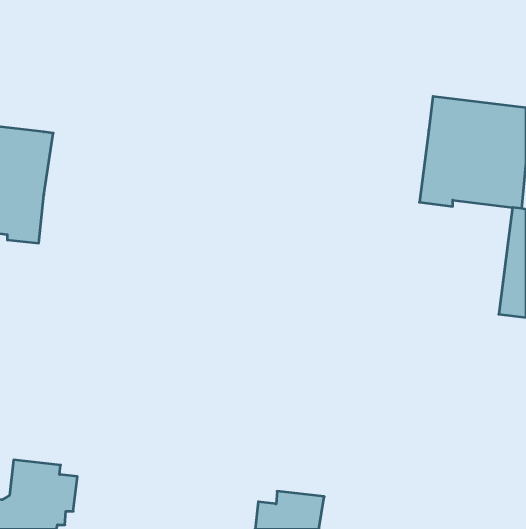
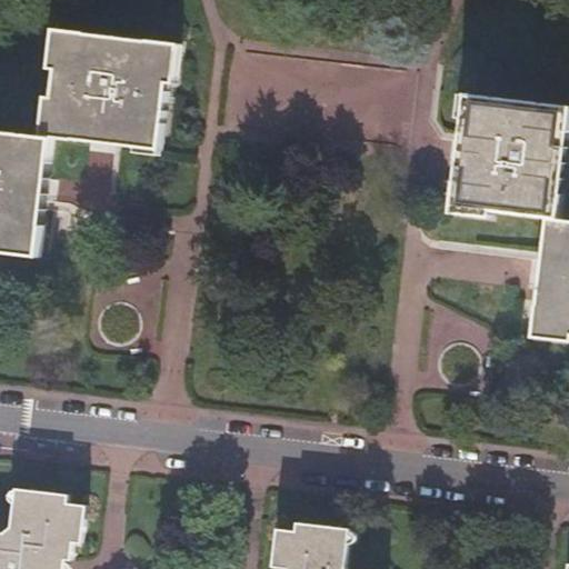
building: none -> [47,27,180,154]

